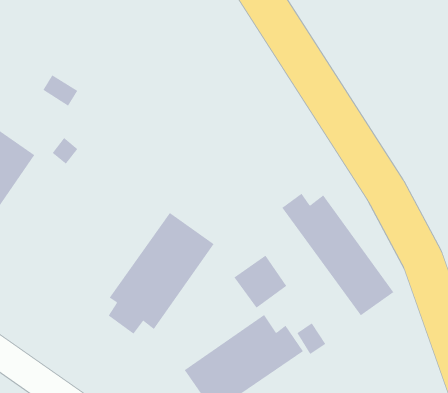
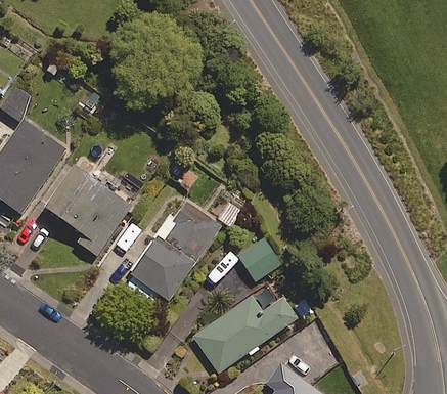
building: none -> [43,164,144,256]
building: [281,193,394,316] -> none

